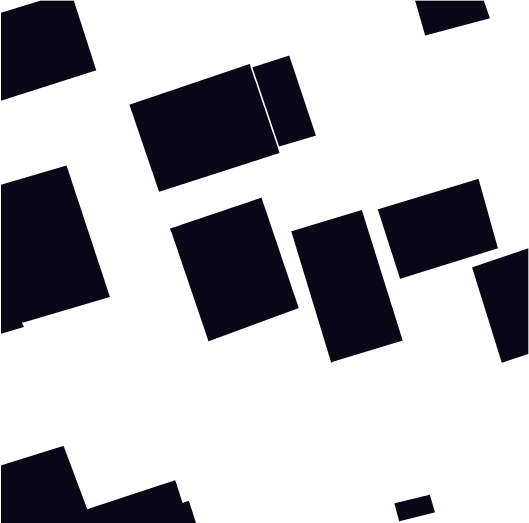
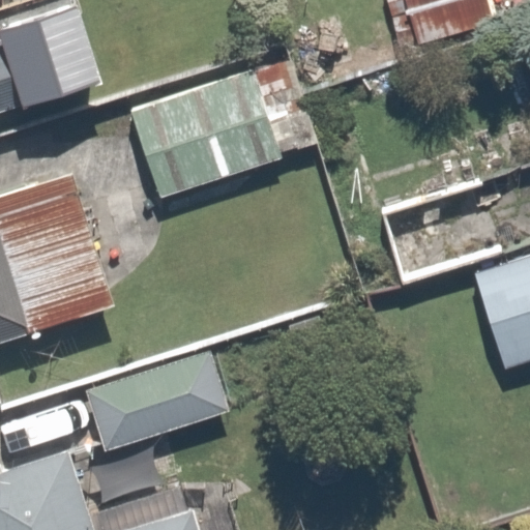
building: [169,197,300,342] -> none
building: [291,209,404,364] -> none
building: none -> [83,350,228,450]

